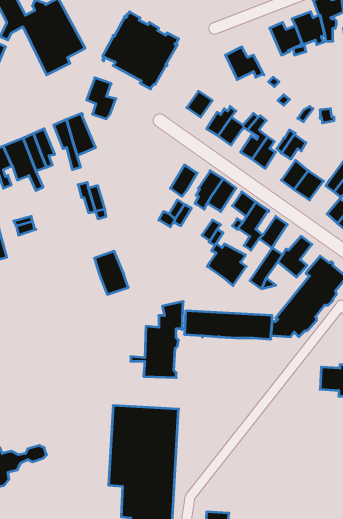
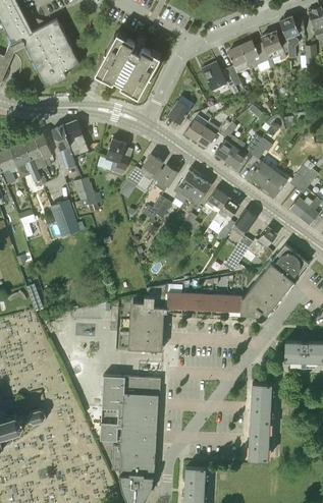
building: none -> [226,46,251,87]
building: [87,78,116,119] -> [105,139,130,175]
building: none -> [127,155,163,185]
building: [207,243,246,286] -> none
building: [94,251,128,294] -> [51,200,80,237]
building: none -> [249,384,272,459]

